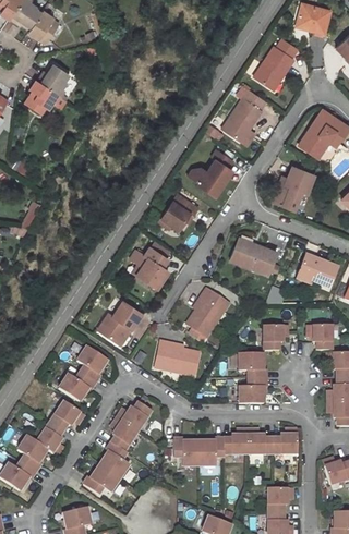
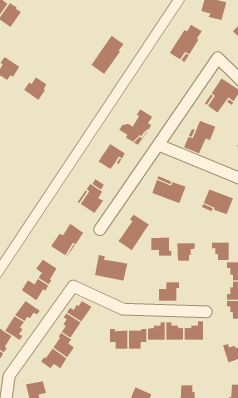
building: [37,63,69,95] -> [23,77,47,101]
building: [222,89,267,142] -> [90,35,124,75]
building: [239,352,267,377] -> [151,237,172,256]
building: [268,488,293,512] -> none

